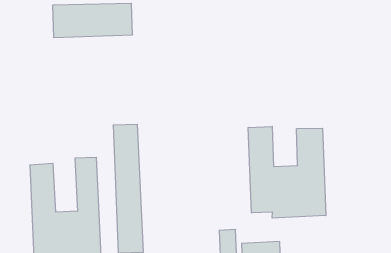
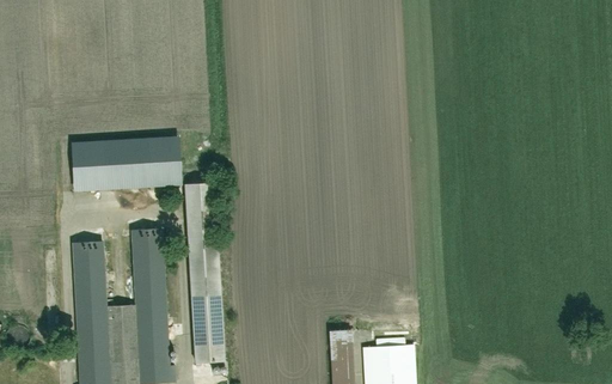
building: [53,3,133,37] -> [66,140,176,187]
building: [248,126,326,218] -> none

